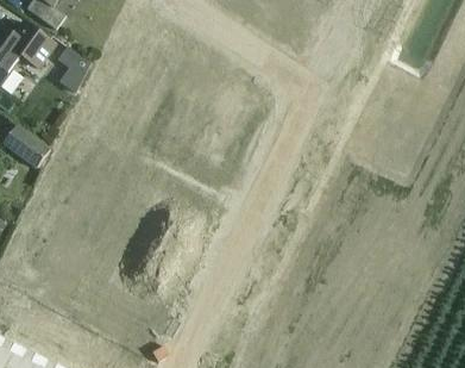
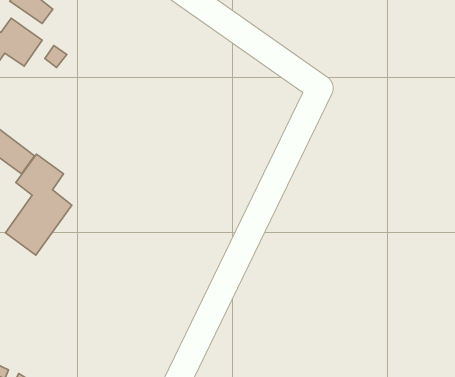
building: none -> [5,154,72,255]

